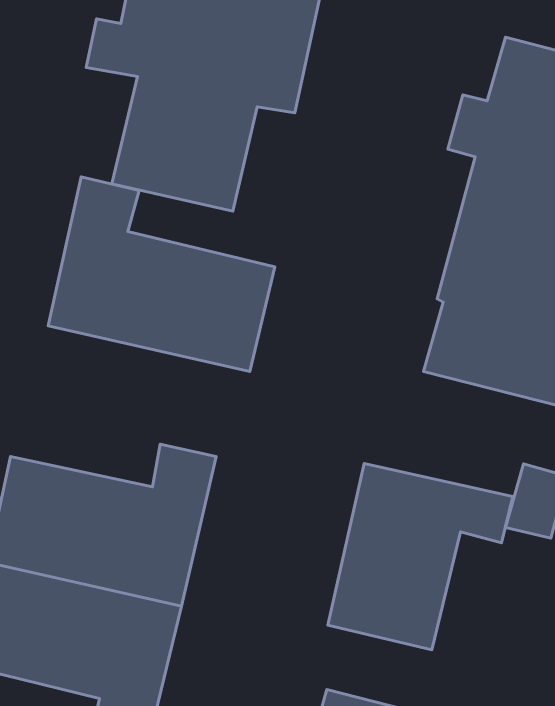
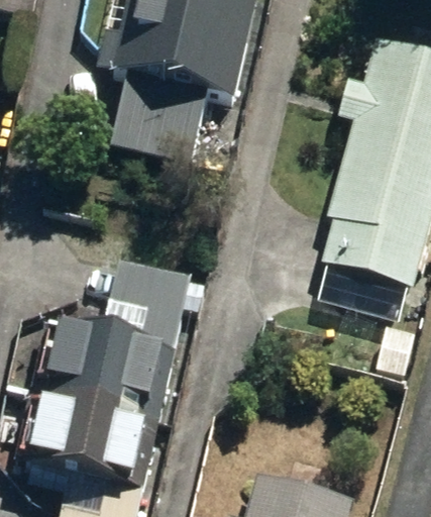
building: [48,177,275,372] -> none
building: [328,464,513,650] -> none

